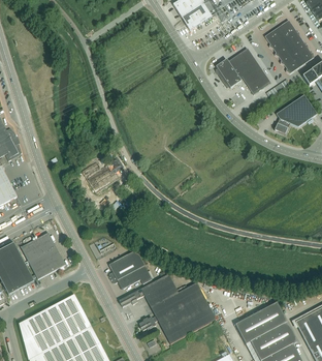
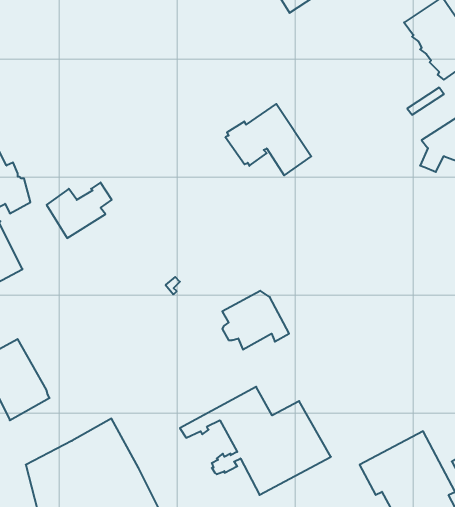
building: [215,48,270,94] -> [225,104,311,175]
building: [82,156,124,192] -> [47,182,112,238]
building: [21,232,65,278] -> none
building: [108,250,152,289] -> [222,291,289,350]

